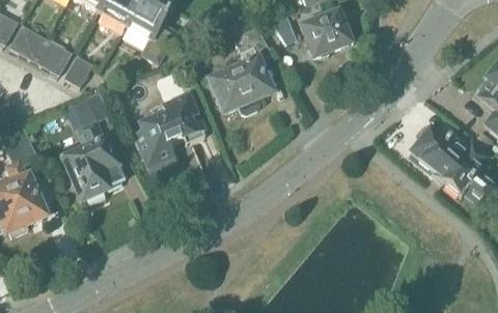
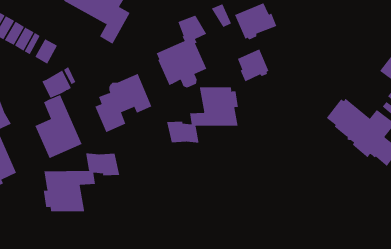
building: none -> [237,49,269,82]
building: none -> [167,87,238,143]
building: none -> [43,152,120,212]

